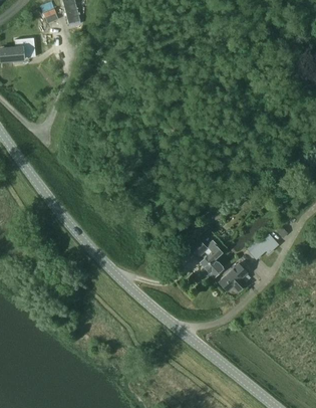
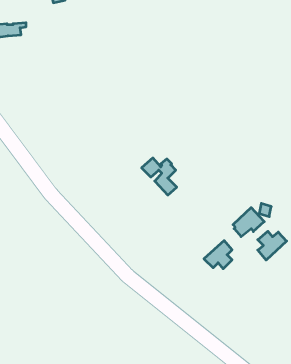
building: [187,239,222,276] -> [142,158,177,195]
building: none -> [258,231,287,260]

